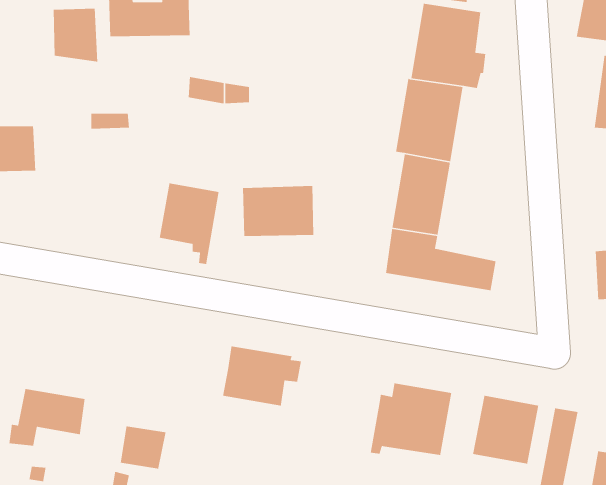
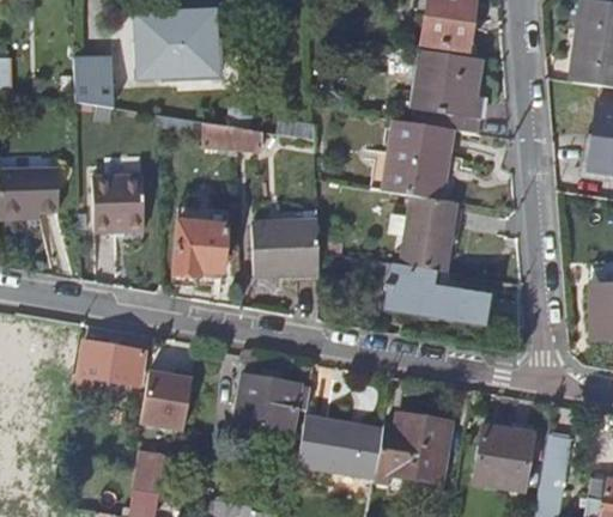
building: none -> [92,184,144,242]
building: none -> [140,370,194,430]
building: [9,388,86,446] -> [69,341,142,396]
building: none -> [296,416,382,479]

